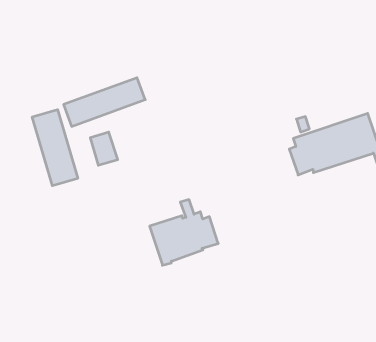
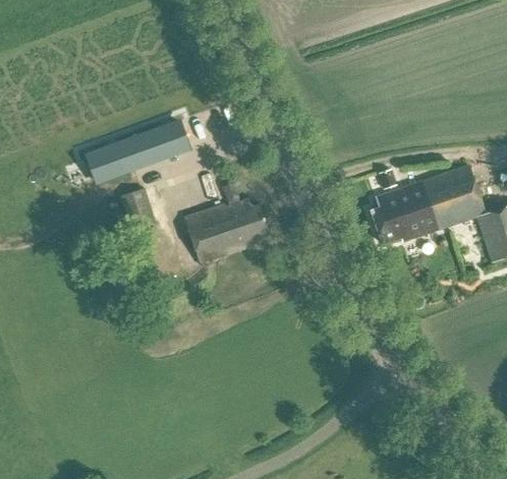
building: [32,110,78,186] -> none
building: [150,200,218,265] -> [184,183,271,265]

